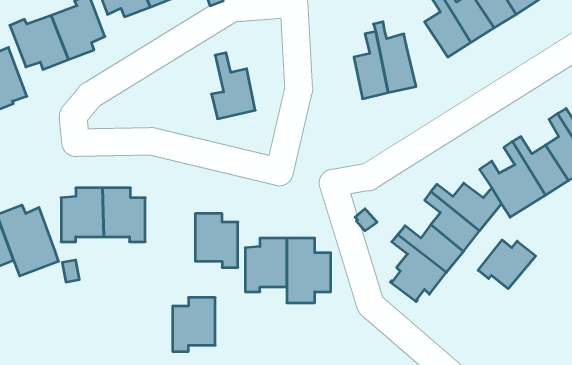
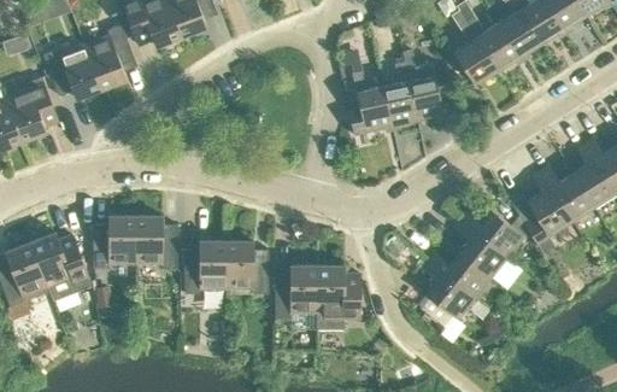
building: [211,53,255,119] -> [348,70,392,135]
building: [478,240,536,289] -> none
building: [173,298,215,351] -> [184,240,227,293]

